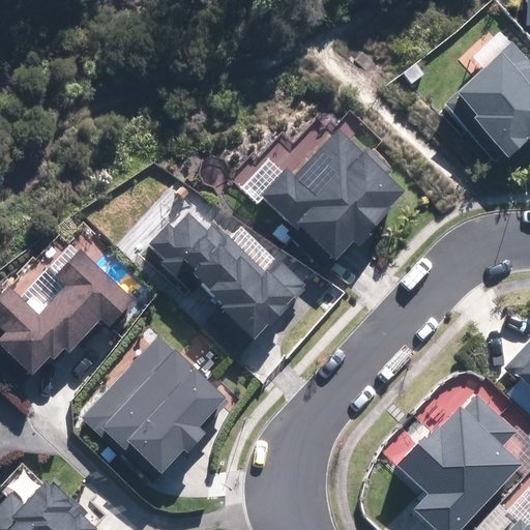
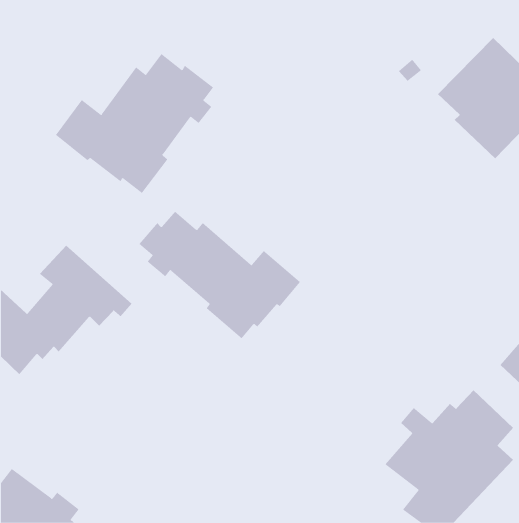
building: none -> [55,53,214,194]
building: [243,131,400,261] -> none
building: [82,335,223,475] -> none

